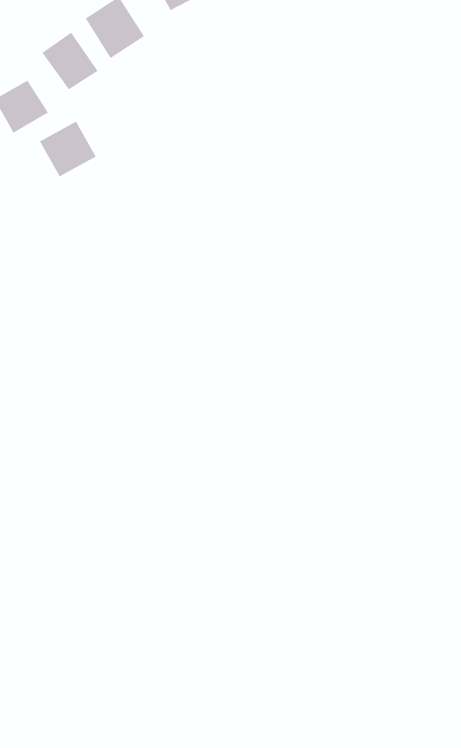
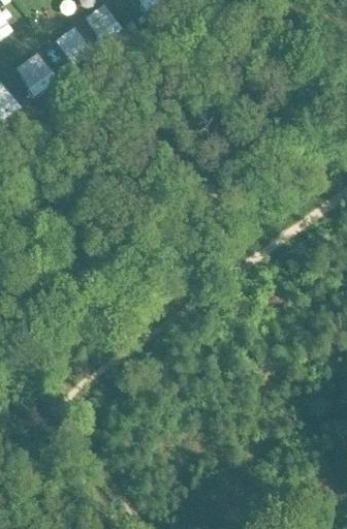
building: [39,121,97,177] -> none

